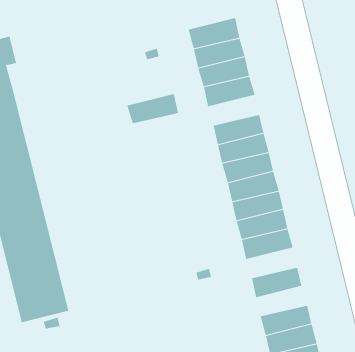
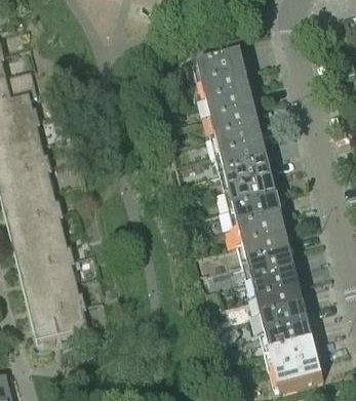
building: [127,93,179,124] -> [214,124,264,153]
building: none -> [250,268,300,296]
building: none -> [260,304,309,332]

